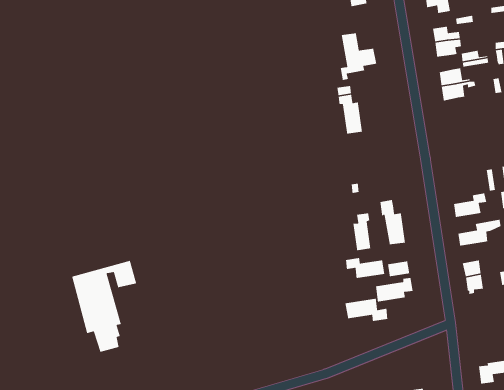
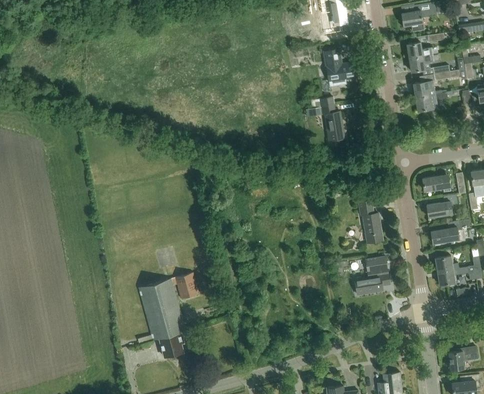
building: none -> [421,174,450,191]
building: [353,212,371,251] -> none
building: [345,257,385,279] -> none
building: [71,260,137,353] -> [139,272,199,357]
building: [345,298,388,322] -> none

